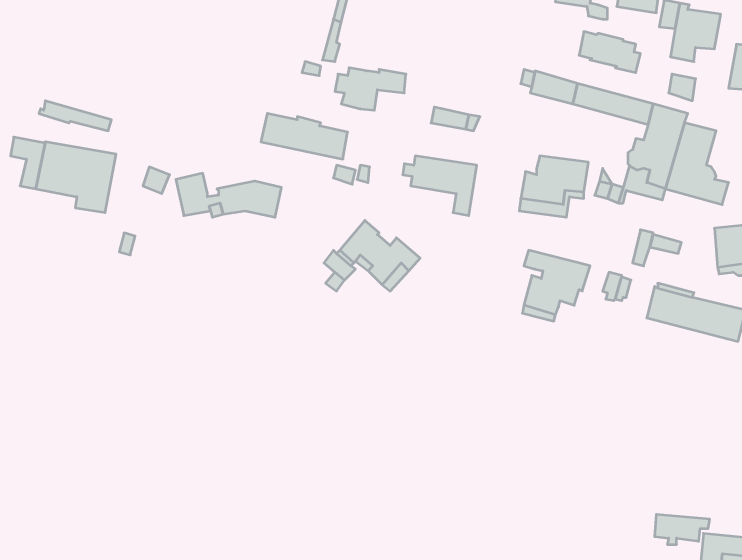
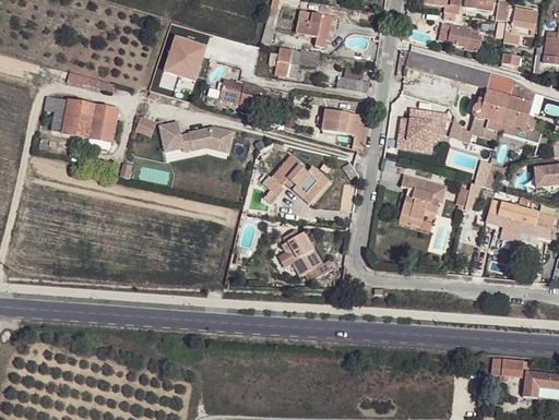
building: none -> [297,10,336,47]
building: none -> [165,37,205,81]
building: none -> [278,229,333,279]

